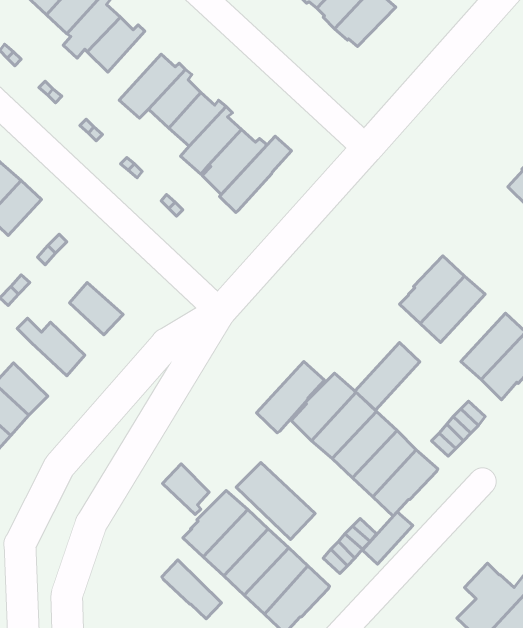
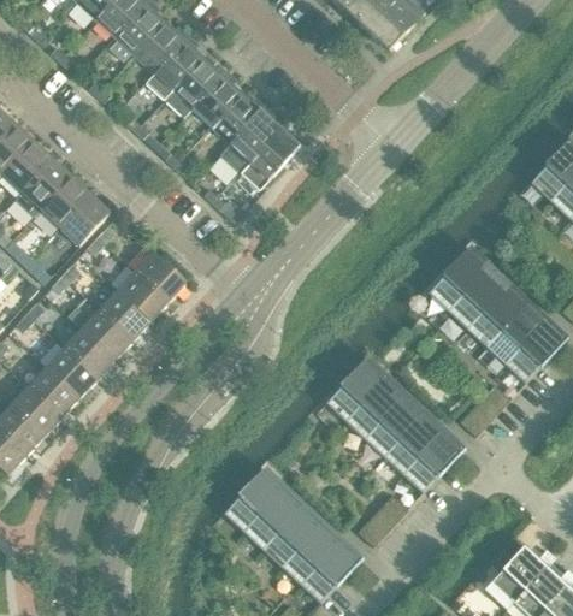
building: none -> [146,34,203,99]
building: [220,136,292,212] -> none
building: none -> [59,192,110,244]
building: none -> [134,250,185,301]
building: none -> [99,290,149,339]
building: none -> [64,327,114,378]
building: [355,343,420,410] -> [467,282,528,345]
building: [256,361,325,433] -> none
building: [236,463,315,540] -> none
building: [163,464,209,514] -> none
building: [363,512,413,564] -> none
building: [162,560,222,619] -> none

